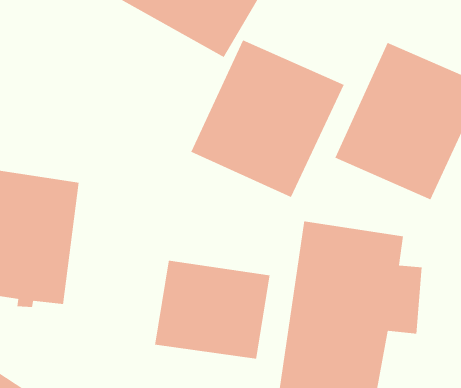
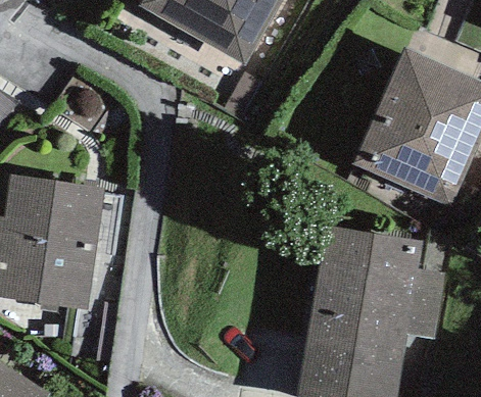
building: [190,39,344,198] -> none
building: [155,260,270,359] -> none

